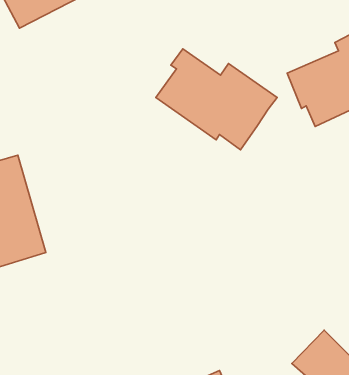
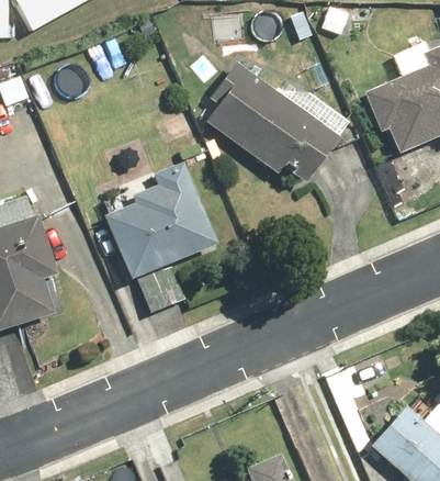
building: none -> [101,160,215,314]

